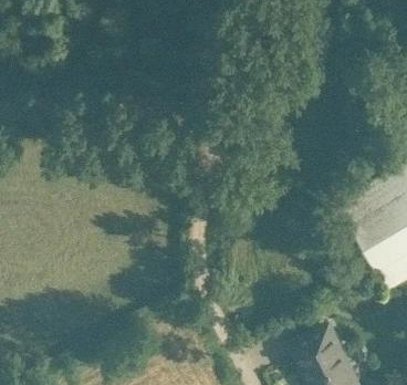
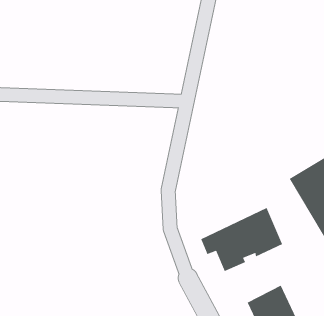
building: none -> [201,207,283,272]

